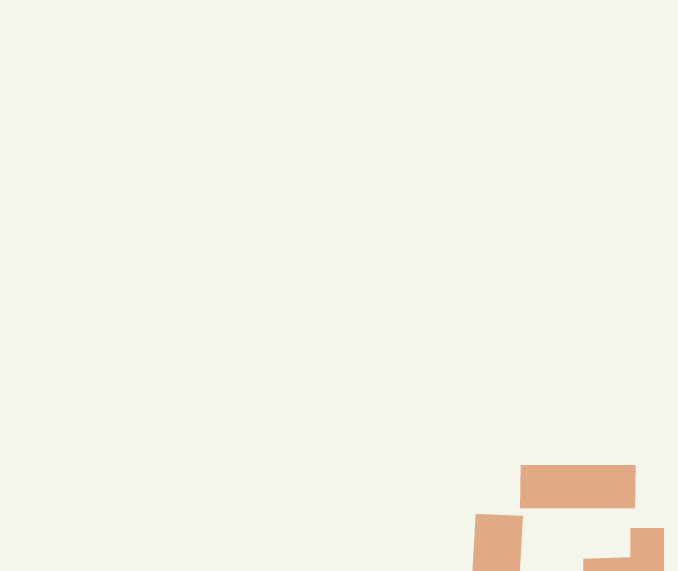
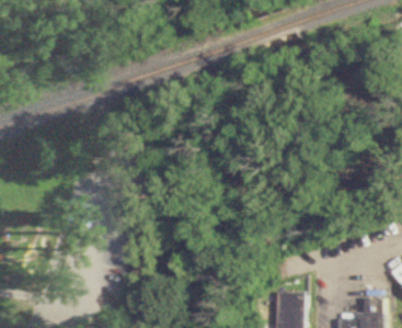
building: [520,464,636,509] -> none

